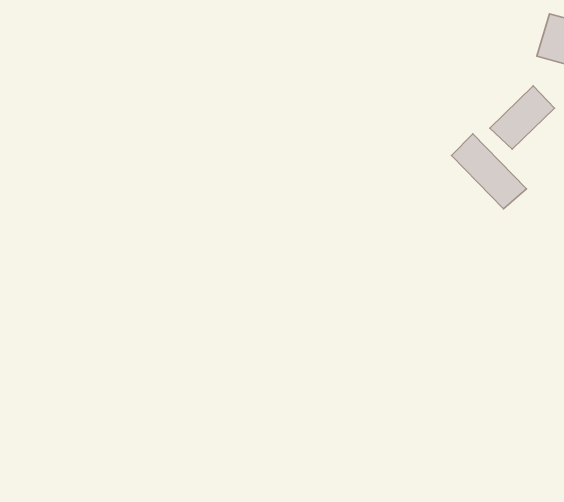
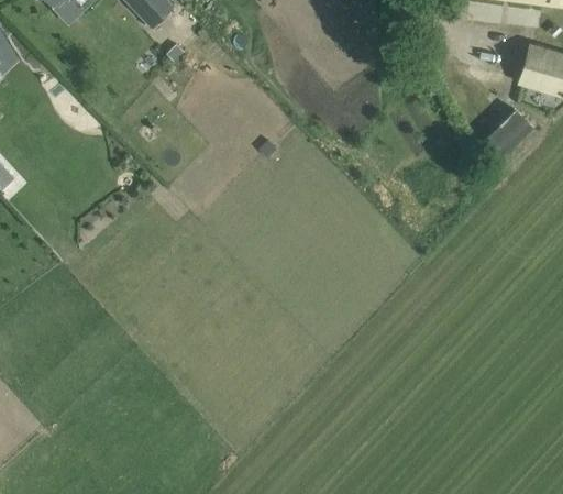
building: [451,134,526,209] -> none

